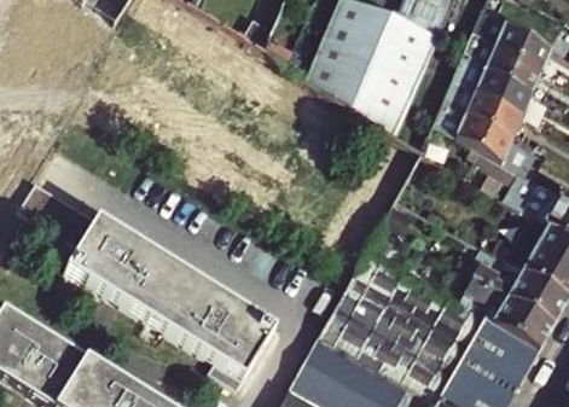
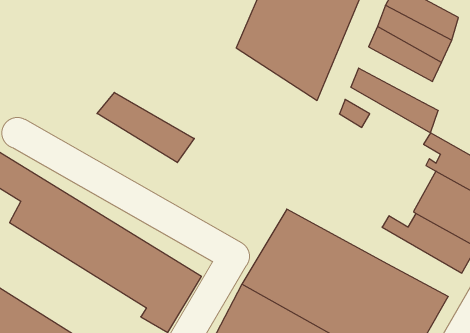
building: [443,77,523,138] -> none
building: none -> [97,92,194,163]
building: [455,268,555,347] -> none

